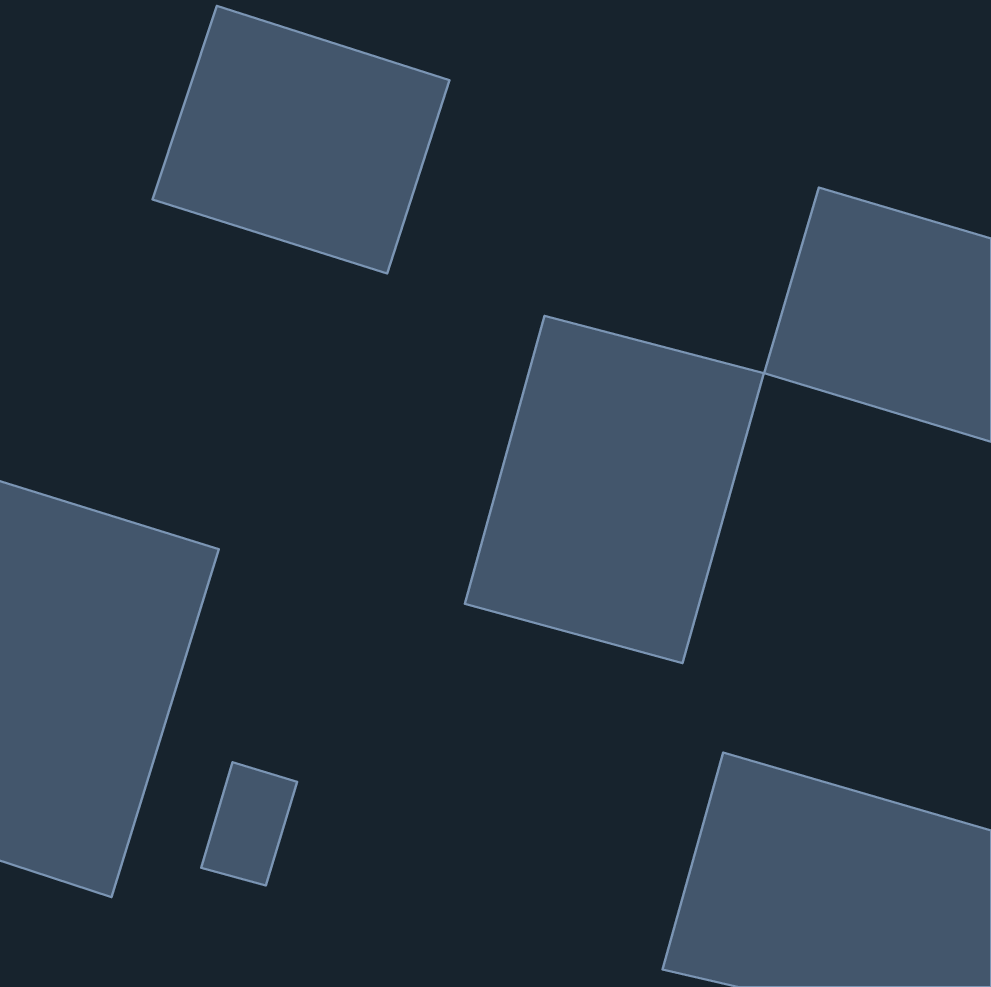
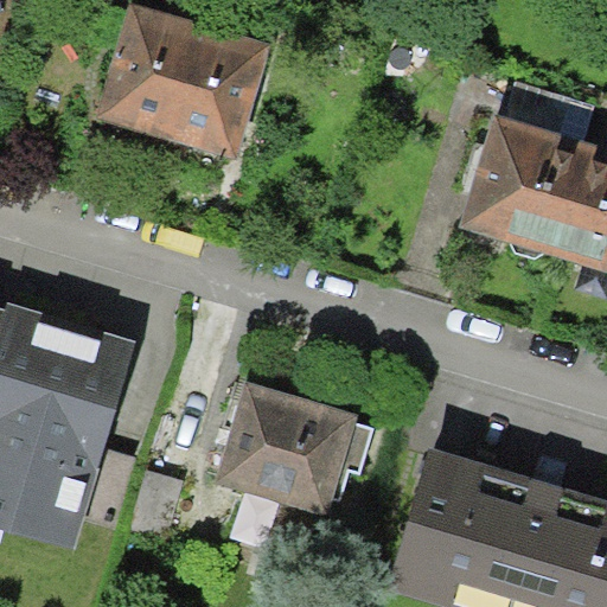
building: [465,316,764,663] -> none
building: none -> [219,389,365,515]

